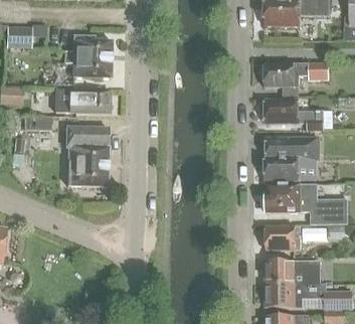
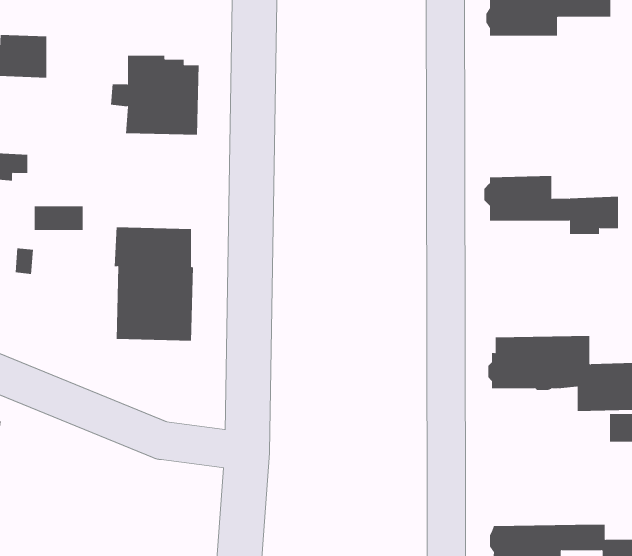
building: [261,62,329,98] -> none
building: [54,90,111,113] -> none
building: [262,138,319,180] -> none
building: [263,225,301,250] -> none
building: [264,260,321,284] -> none

